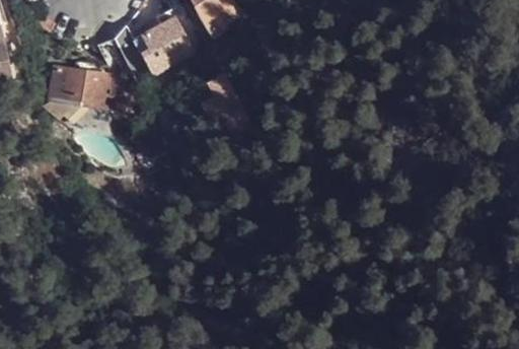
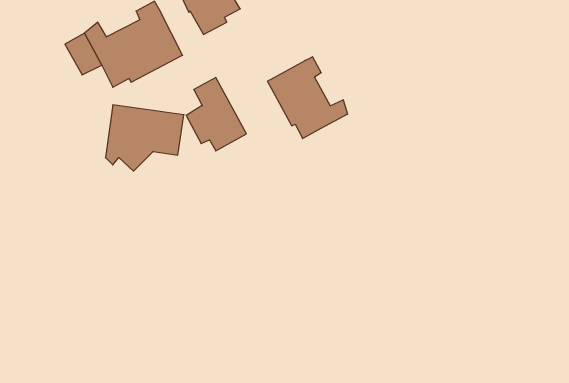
building: none -> [268,57,348,139]
building: [50,65,115,120] -> [105,105,184,171]

